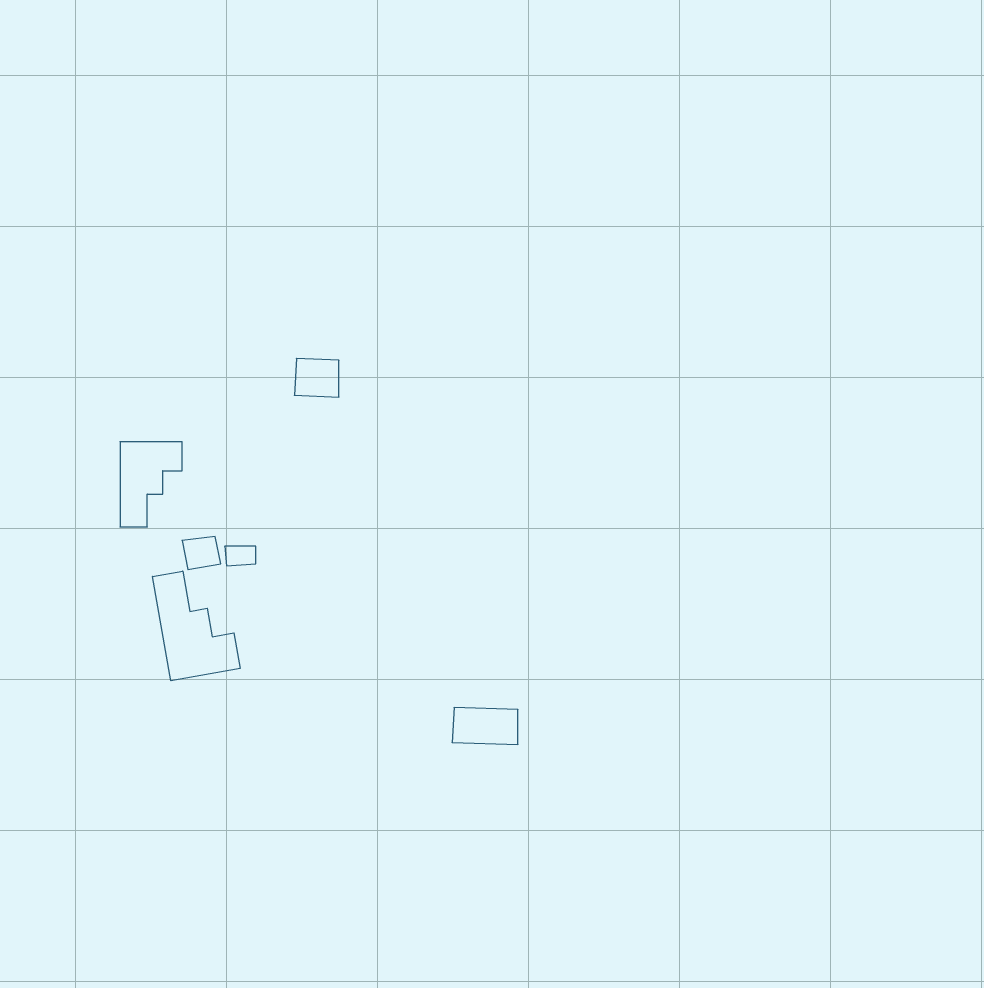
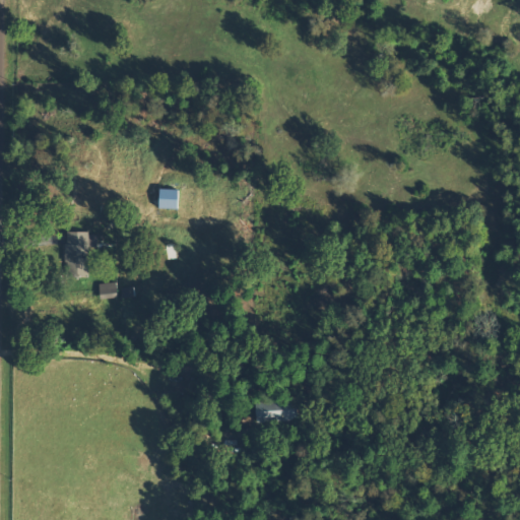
building: [153,571,240,681] -> none
building: [452,708,518,744] -> [255,402,289,421]

